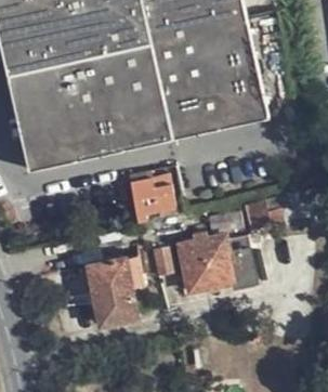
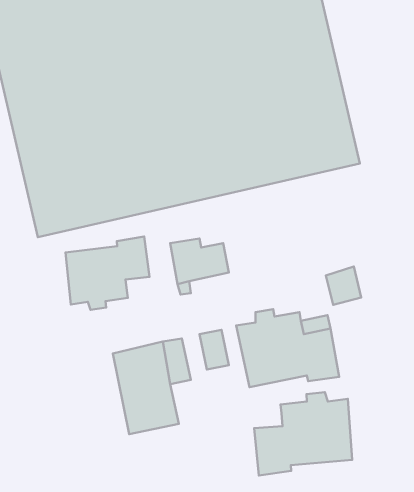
building: none -> [65,236,150,310]
building: none -> [254,392,352,476]

